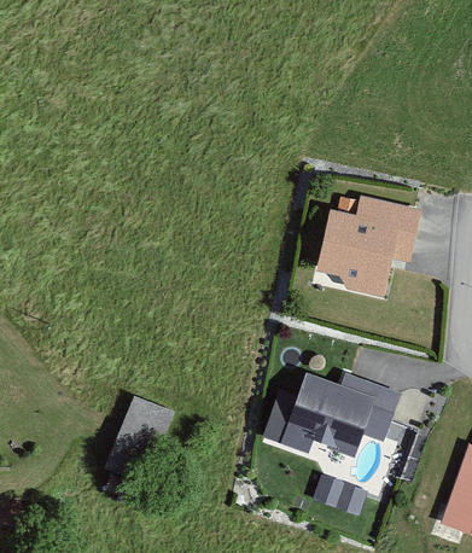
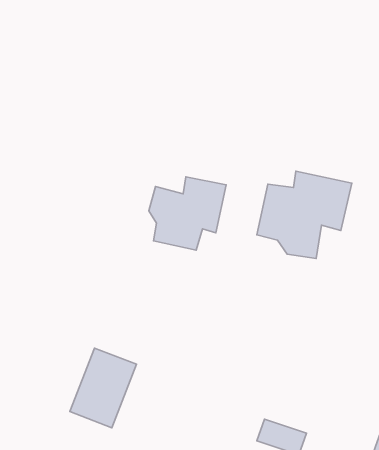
building: none -> [149,177,226,250]
building: [279,372,402,455] -> none

